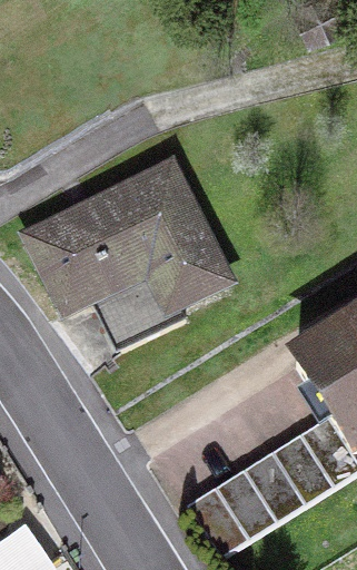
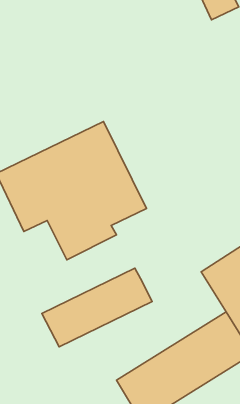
building: none -> [42,268,152,347]

